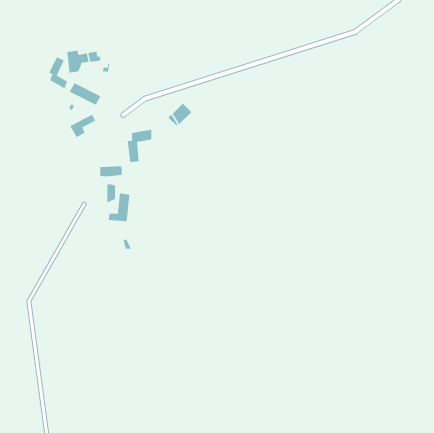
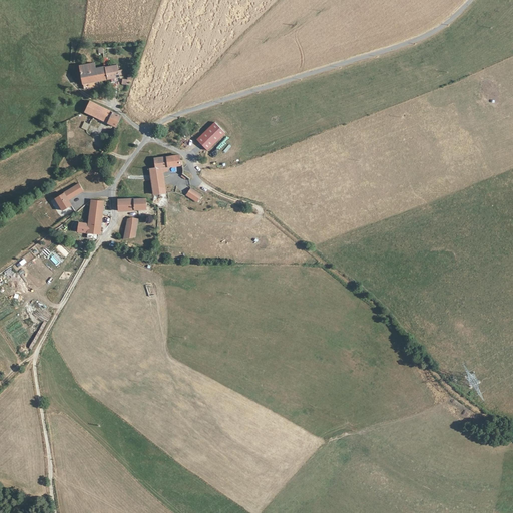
building: [48,57,68,89] -> none
building: [69,114,96,138] -> [52,186,83,214]
building: [108,193,130,222] -> [74,198,100,232]

